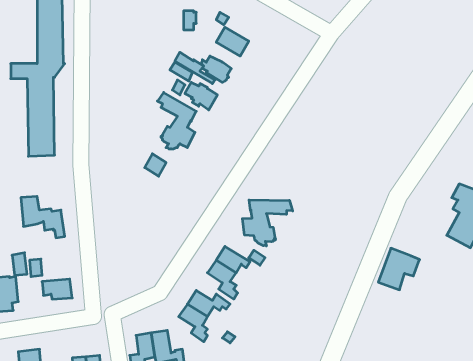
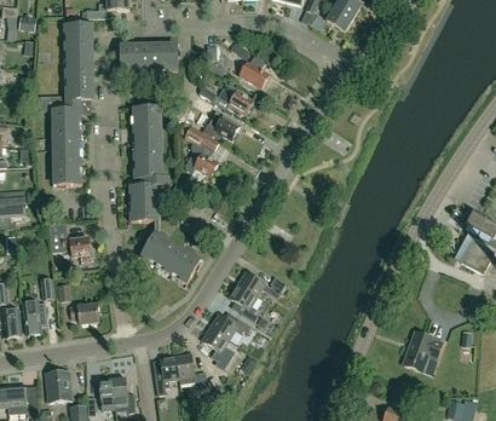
building: none -> [116,44,178,71]
building: none -> [129,106,169,221]
building: [242,200,293,246] -> none
building: none -> [140,233,198,282]
building: [378,248,420,290] -> [403,330,443,370]

